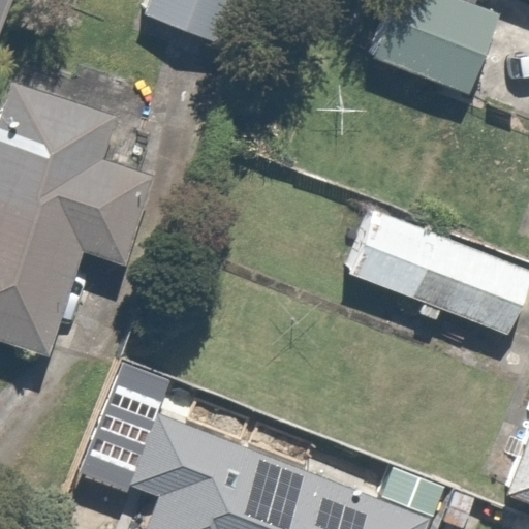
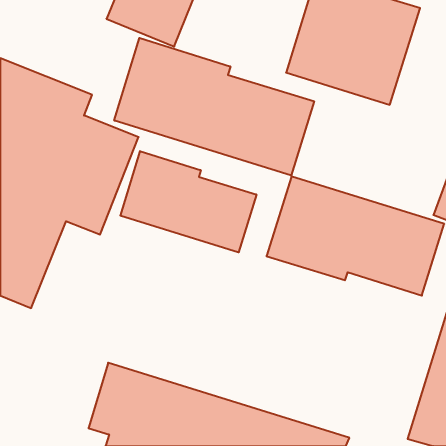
building: none -> [114,38,314,176]
building: none -> [120,151,256,252]

